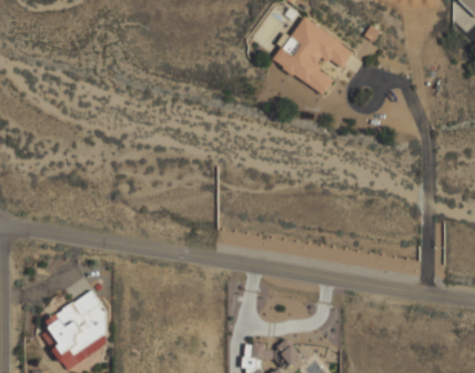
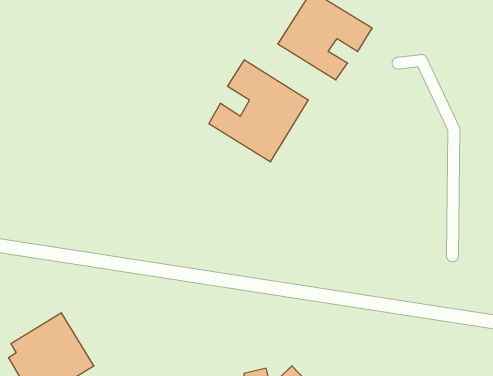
building: none -> [209,60,308,162]

